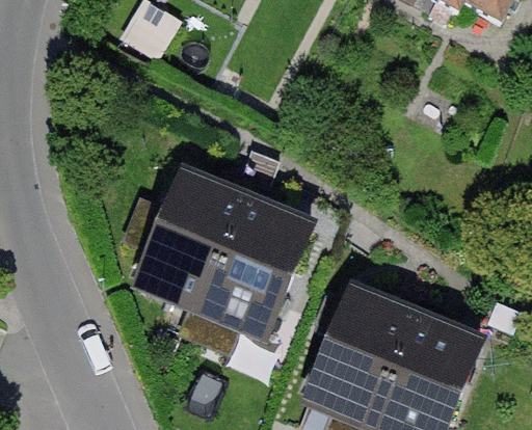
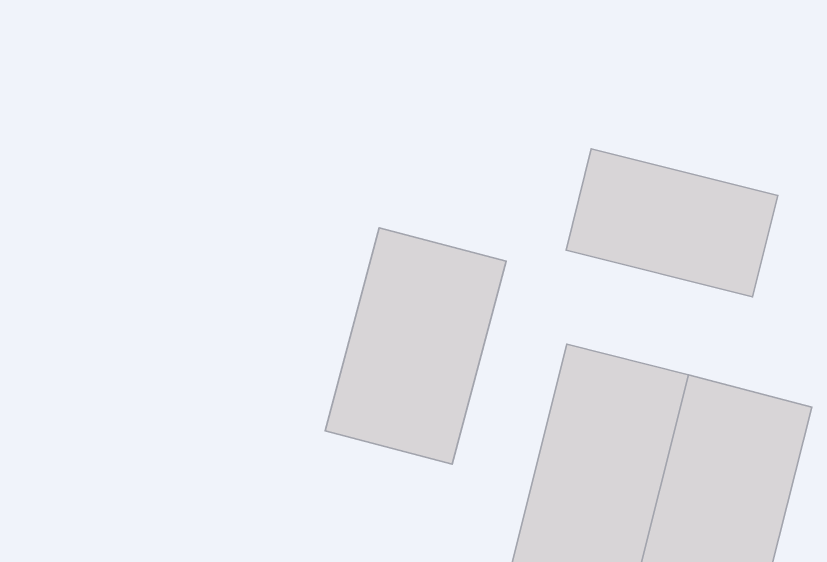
building: none -> [566,149,778,297]
building: [129,168,246,312] -> none

